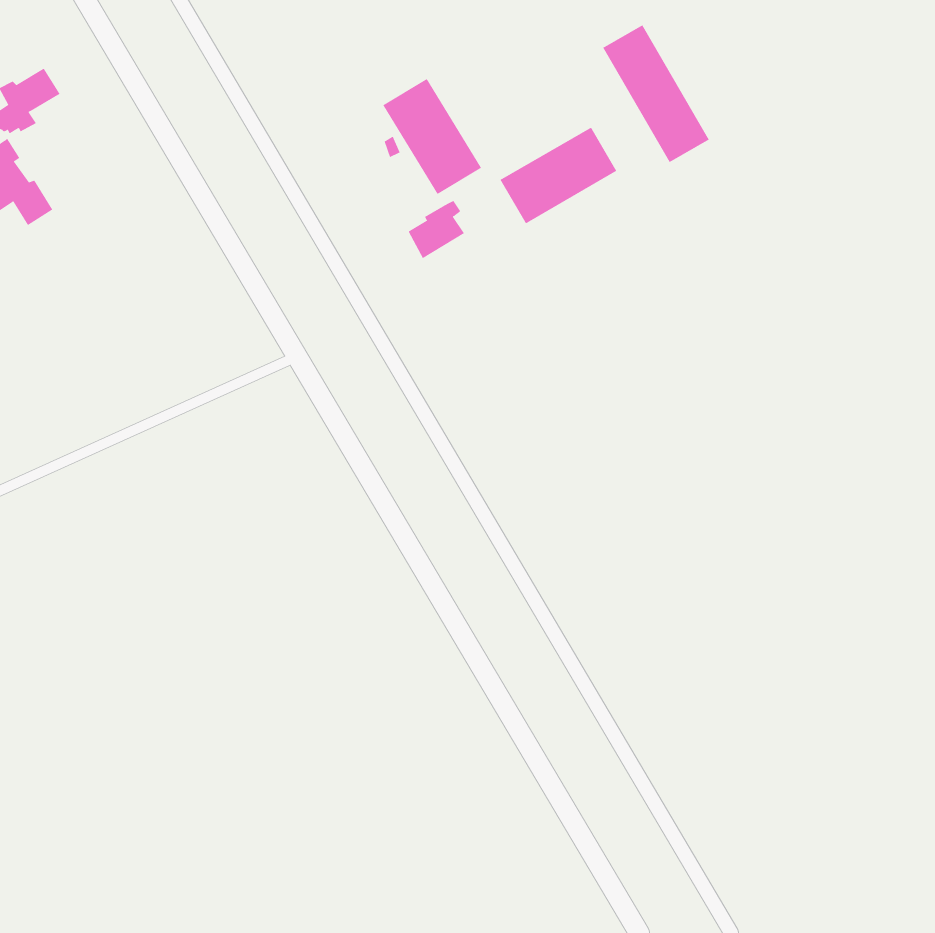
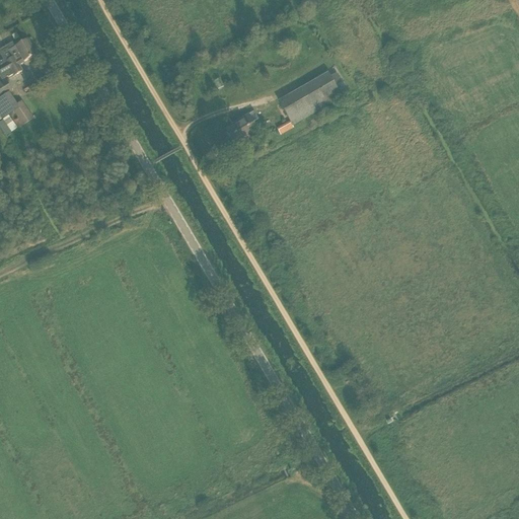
building: [603,25,709,163] -> none
building: [383,78,482,195] -> none

